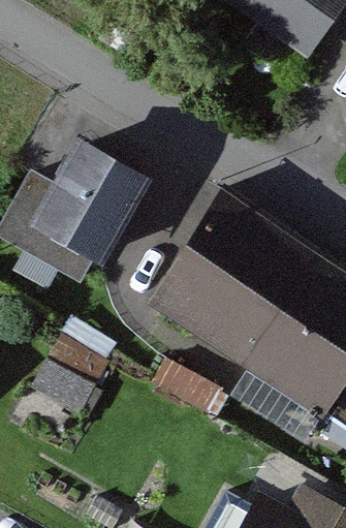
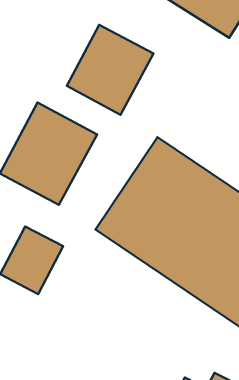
building: none -> [67,25,154,115]

